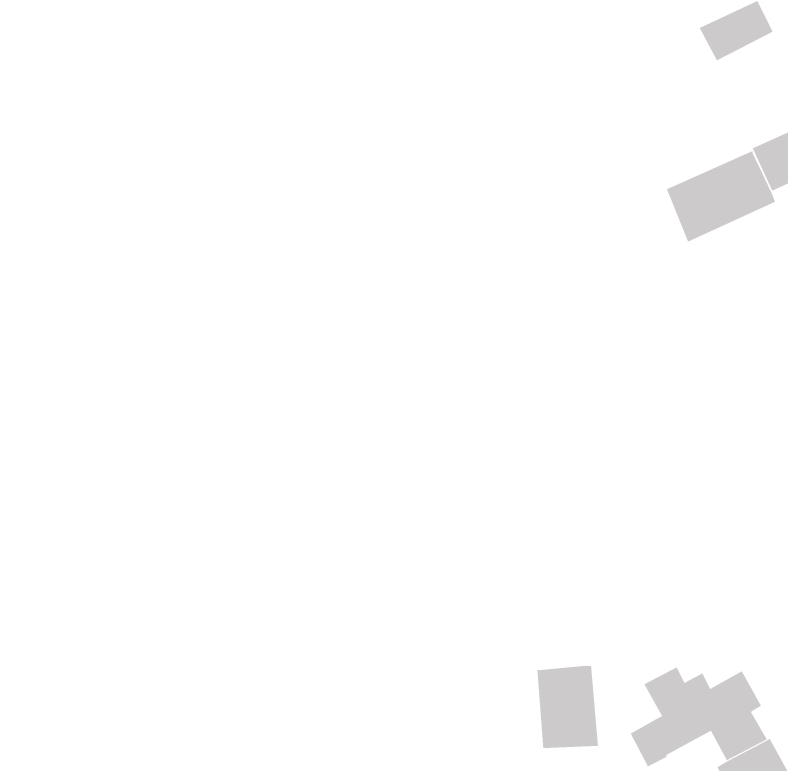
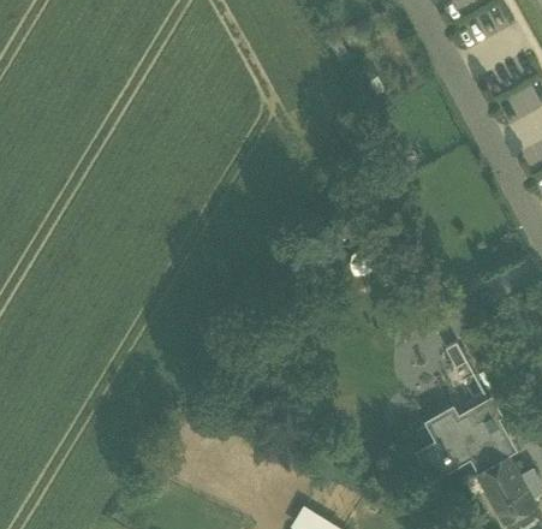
building: [666,150,776,242] -> none
building: [537,665,599,749] -> none

